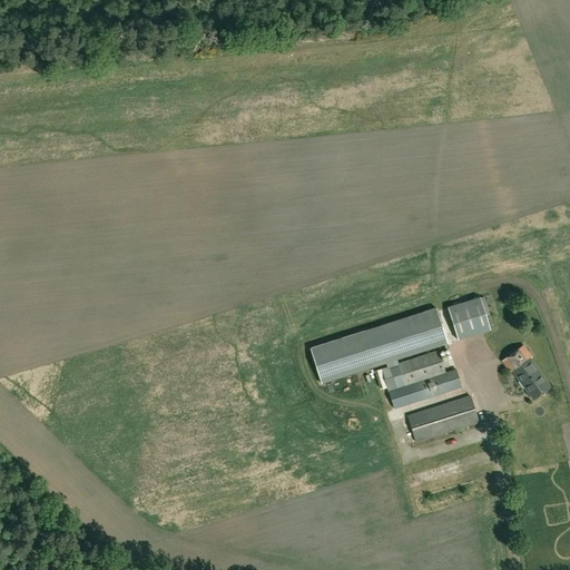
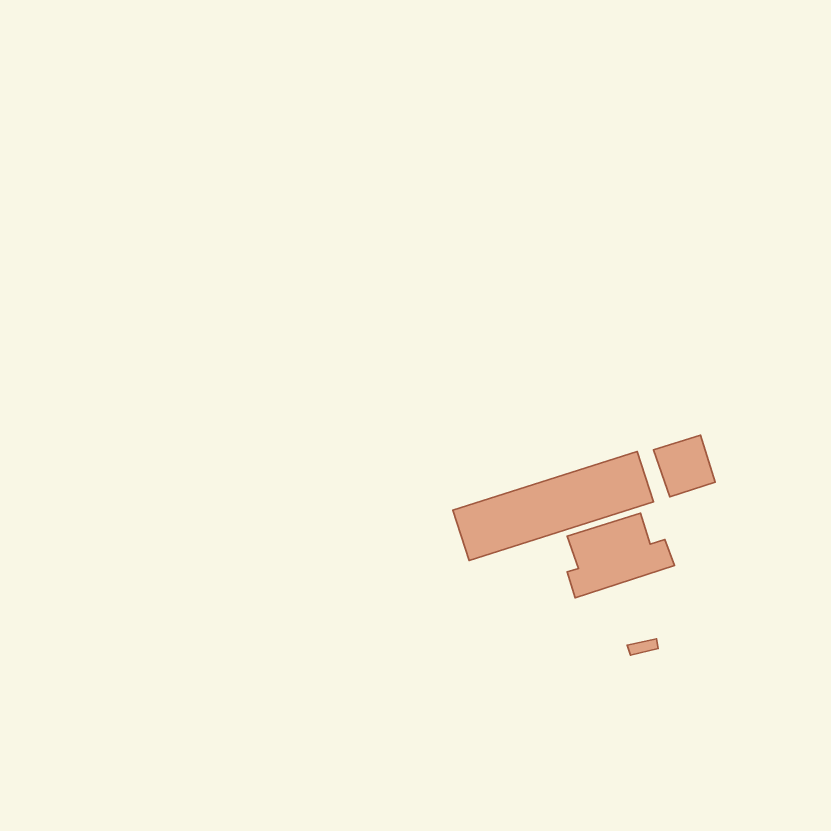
building: [501,344,544,391] -> none
building: [406,396,478,442] -> none

